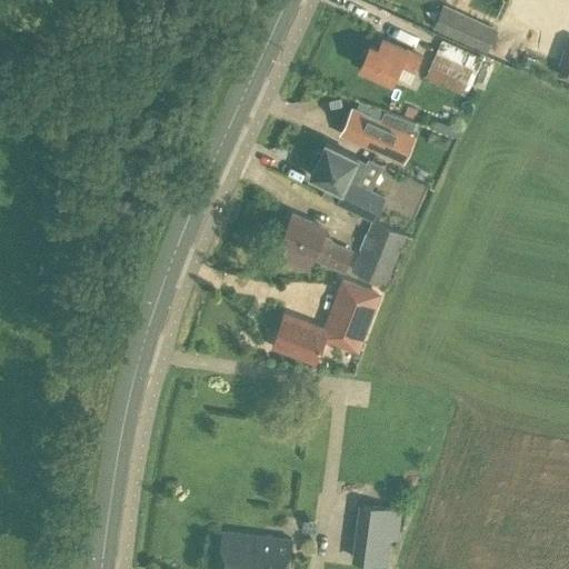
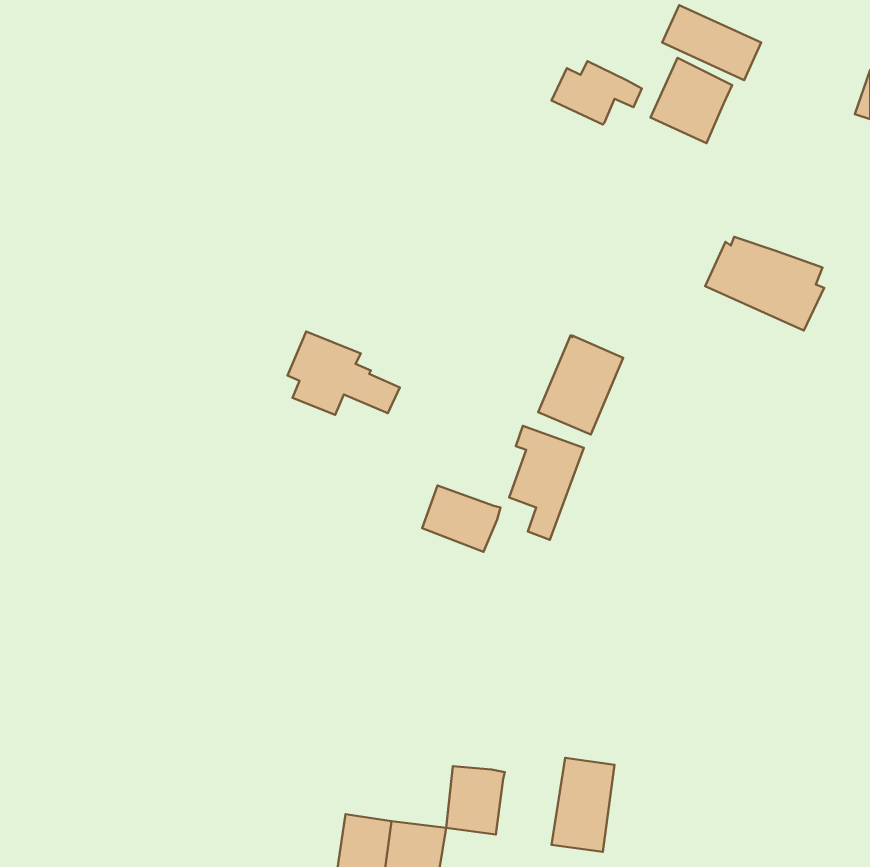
building: [339,103,417,164] -> [705,237,824,331]
building: [308,141,385,222] -> none
building: [278,217,351,271] -> [288,331,400,415]
building: none -> [446,766,505,835]

